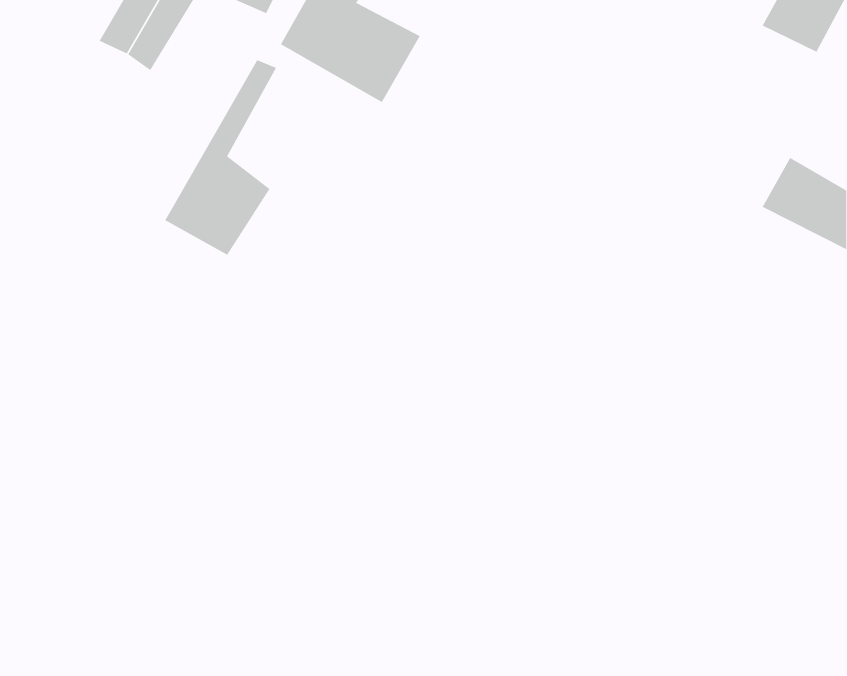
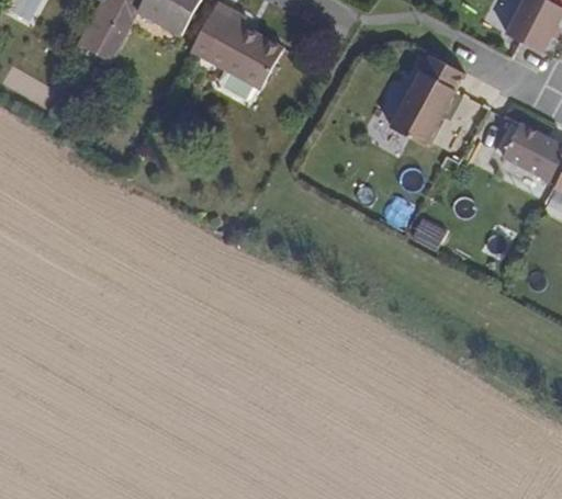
building: none -> [391,57,468,147]
building: [164,59,277,256] -> none

